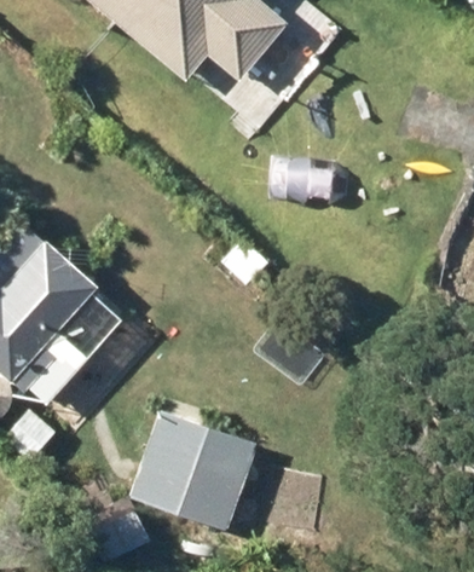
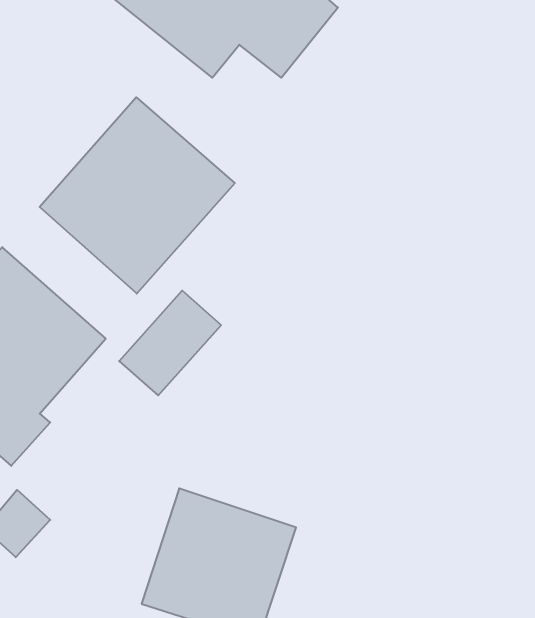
building: none -> [40,97,235,294]

